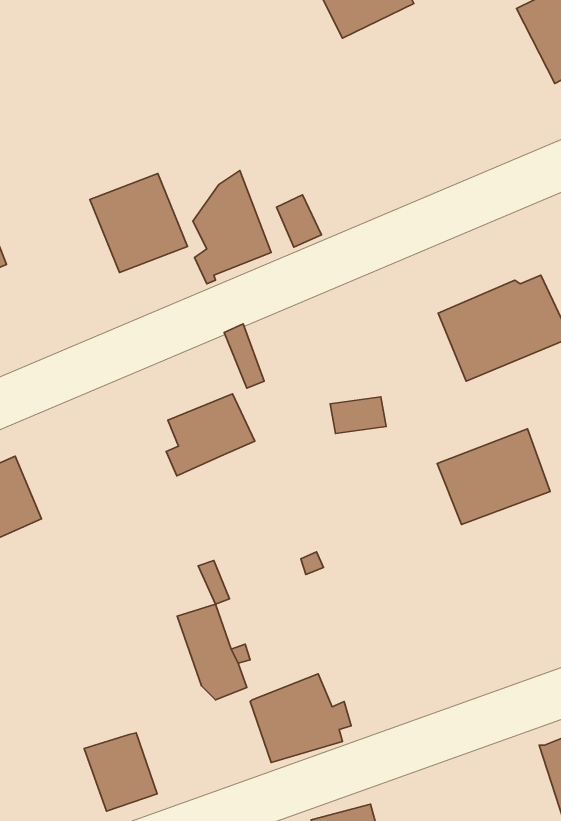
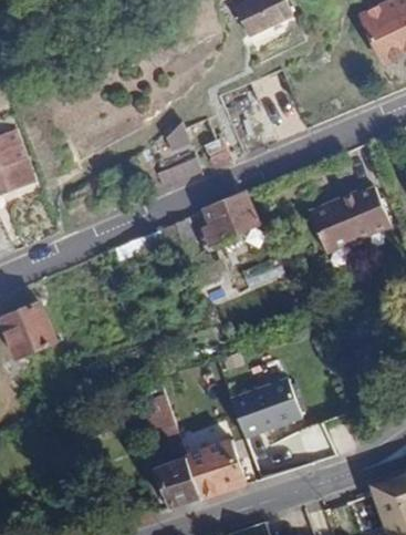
building: [90,174,188,273] -> none
building: [166,394,255,476] -> [202,193,259,245]
building: [437,429,550,525] -> [230,374,302,435]
building: [84,733,157,811] -> [156,457,202,507]

